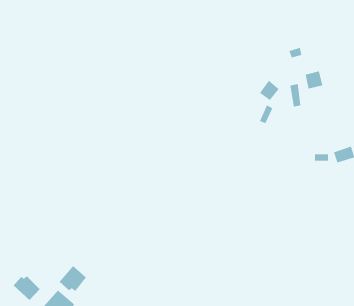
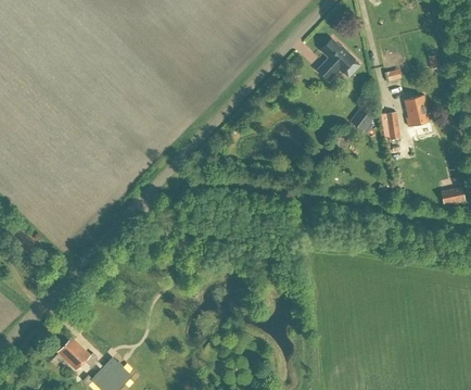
building: none -> [318,39,356,83]
building: [59,265,87,292] -> none

